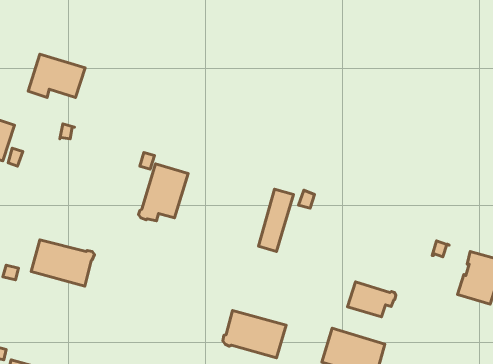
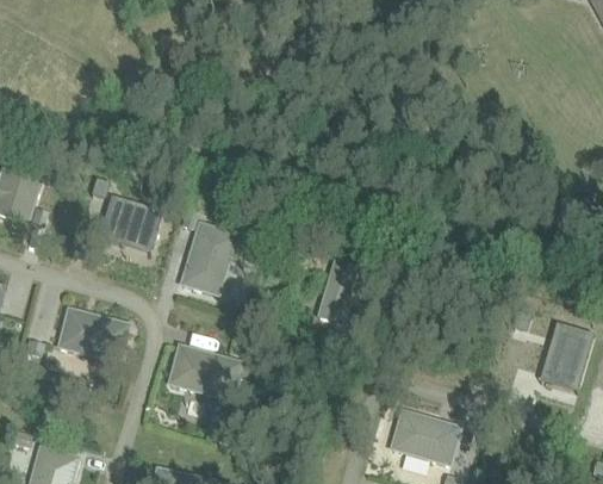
building: [28,54,85,97] -> [98,196,162,244]
building: [348,282,396,317] -> none
building: [223,310,286,358] -> [168,346,240,399]

